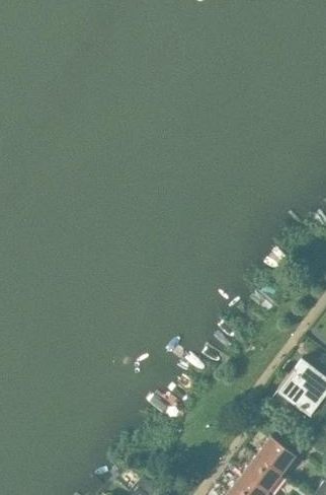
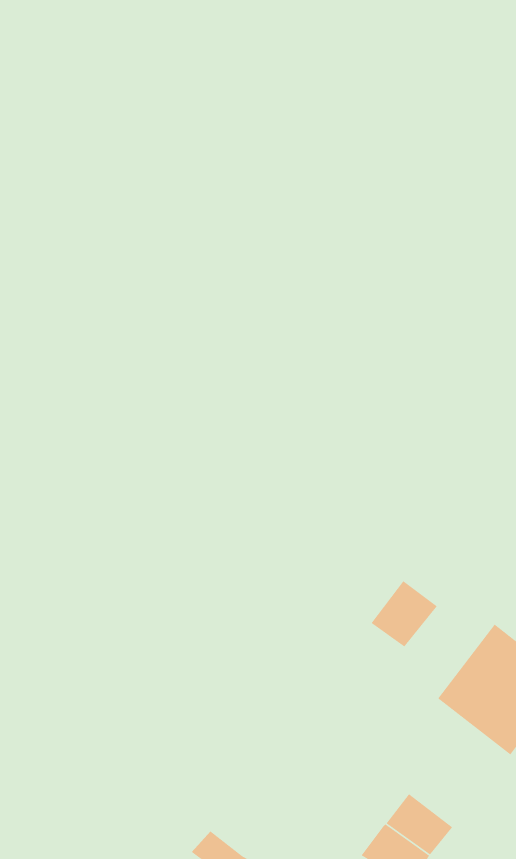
building: none -> [371,580,438,647]
building: [255,435,296,475] -> none

